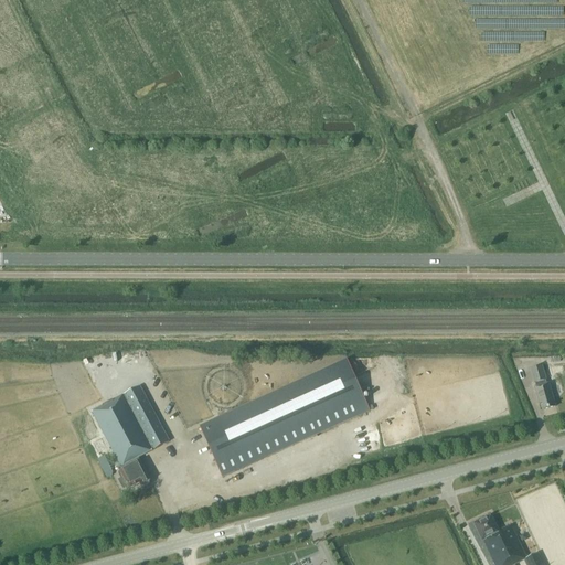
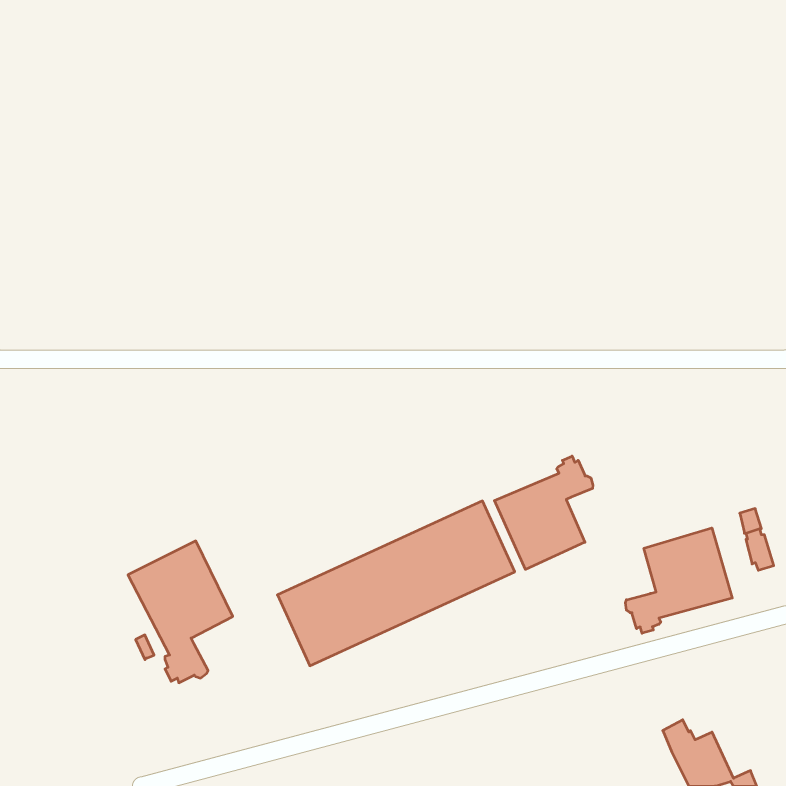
building: none -> [494,456,593,569]
building: none -> [625,528,732,633]

